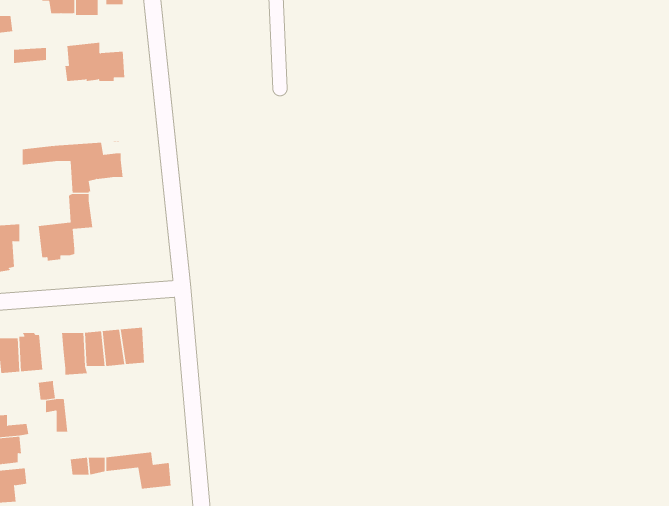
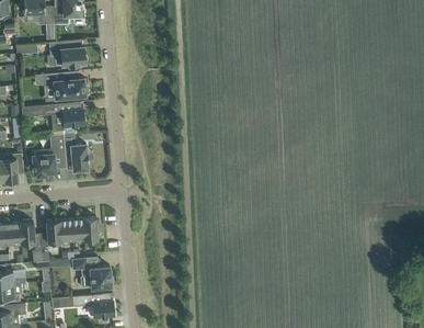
building: none -> [33,71,88,101]
building: none -> [62,138,87,171]
building: none -> [71,257,113,286]

